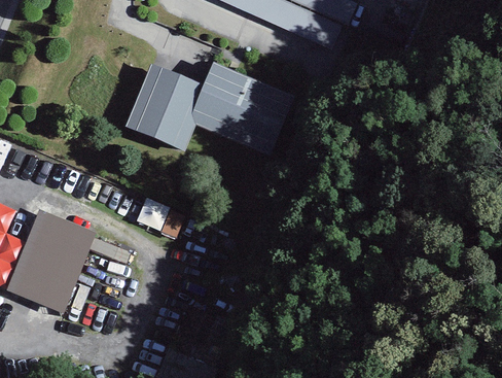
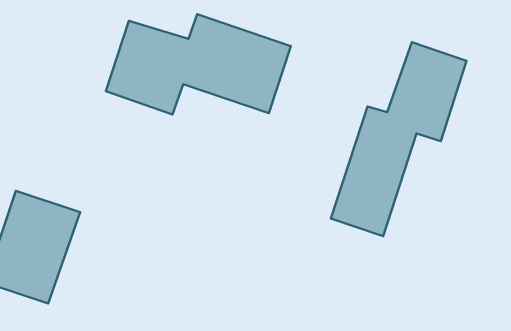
building: none -> [331,42,467,236]

